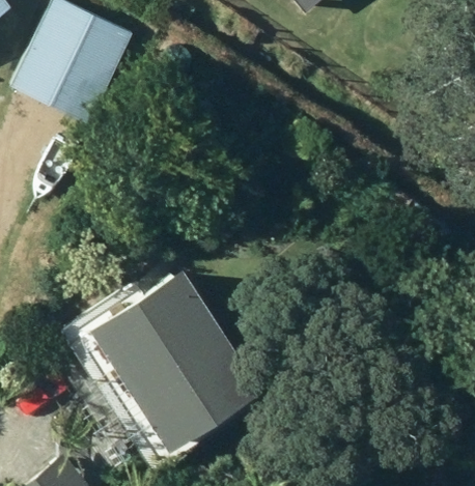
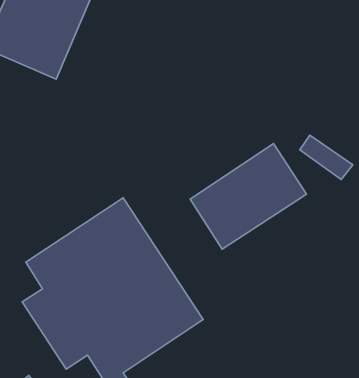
building: none -> [190,144,307,249]

